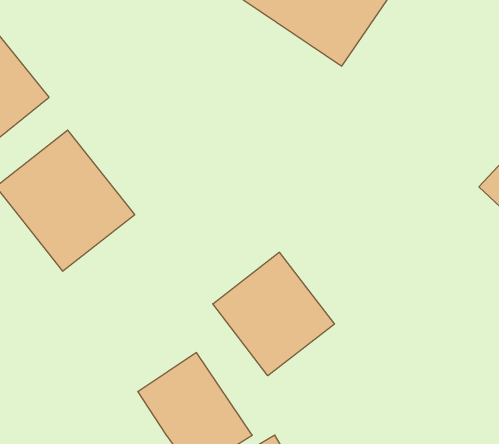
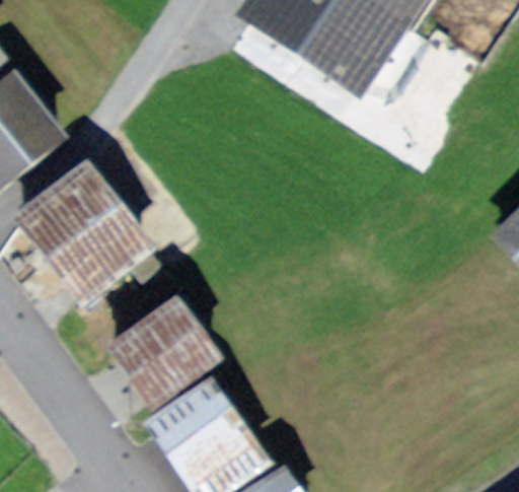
building: [213,252,334,376] -> none
building: none -> [103,288,224,405]

